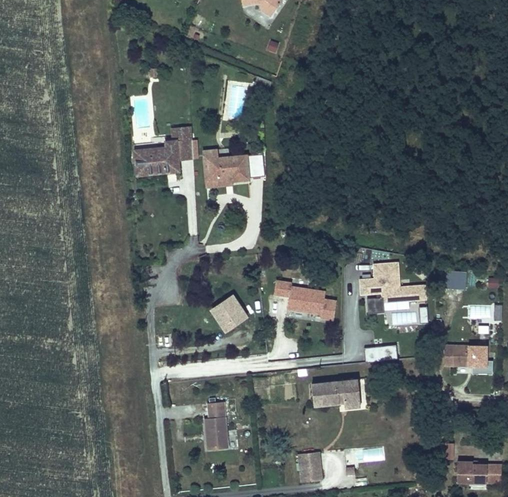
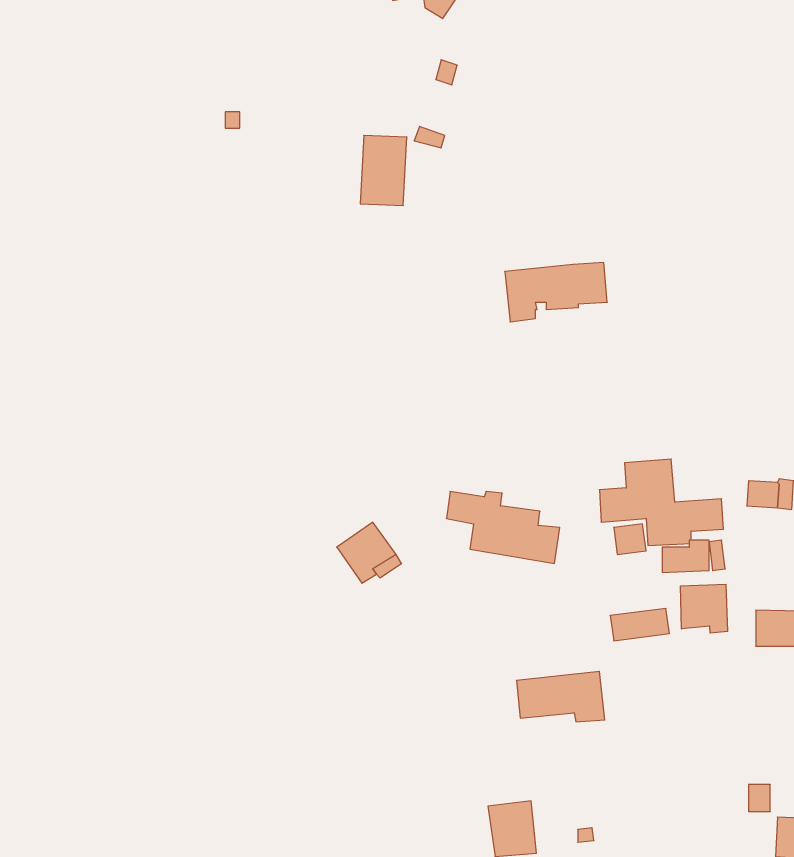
building: [134,139,192,174] -> none
building: [207,154,264,187] -> [505,263,607,322]
building: none -> [681,584,728,633]
building: [204,401,228,450] -> none

